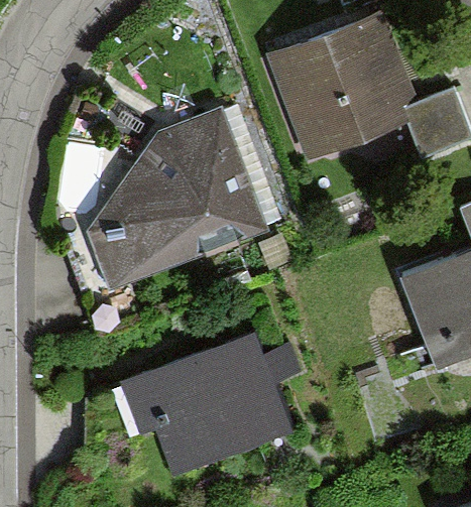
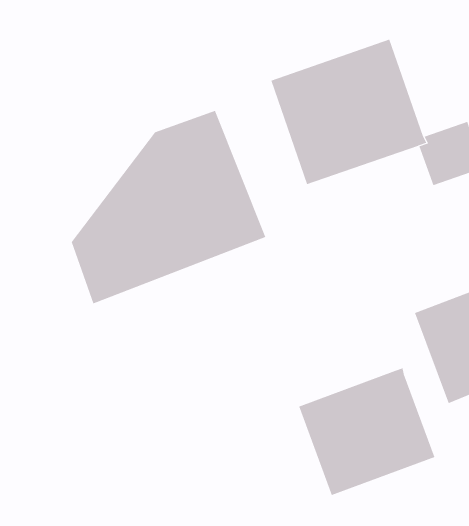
building: [120,325,292,463] -> none
building: none -> [299,368,435,496]

